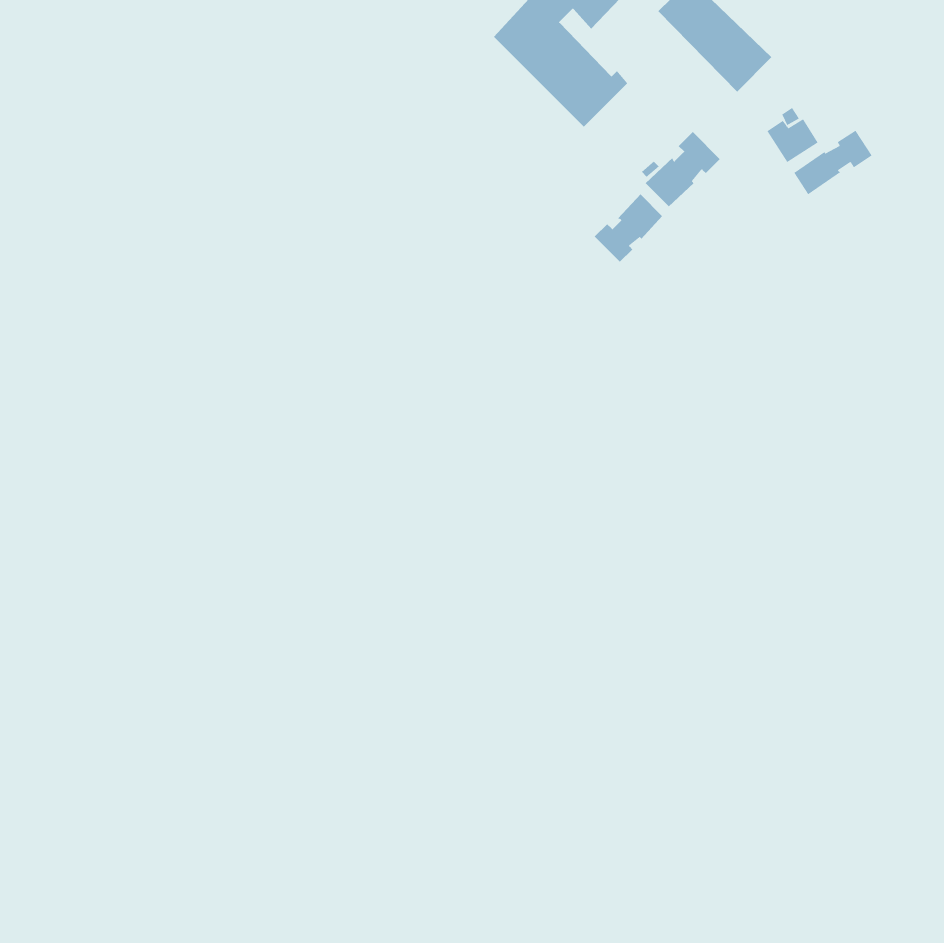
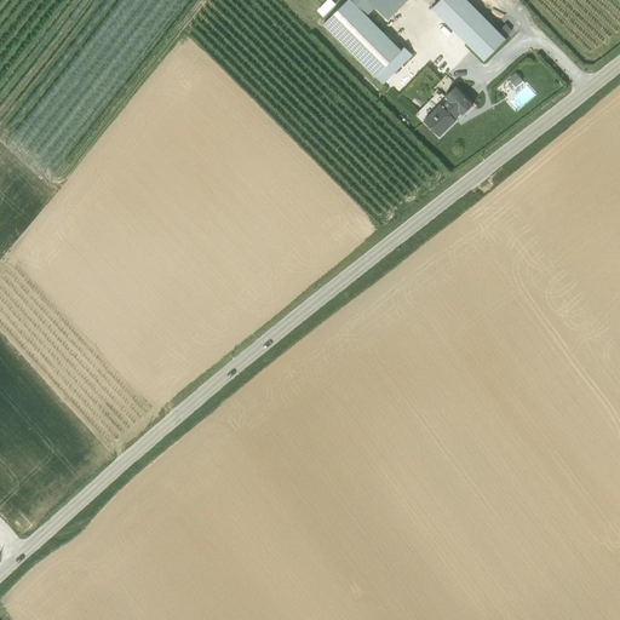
building: [793,130,873,195] -> none
building: [594,194,663,263] -> none

